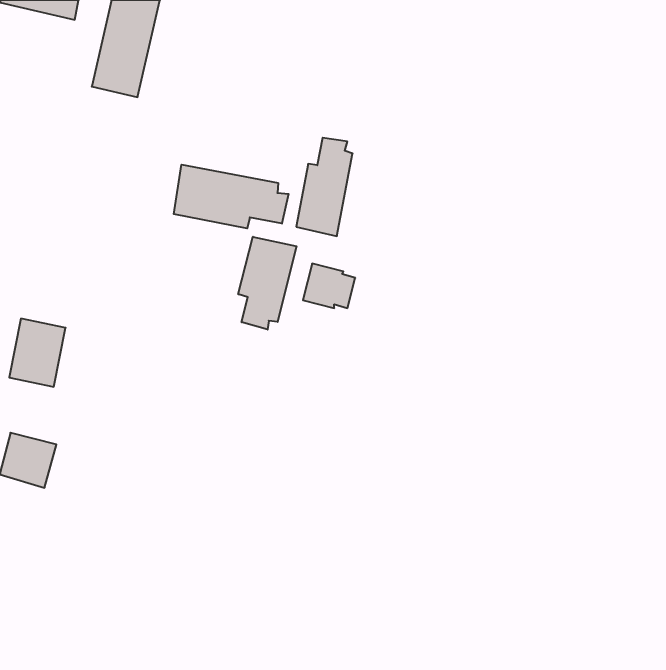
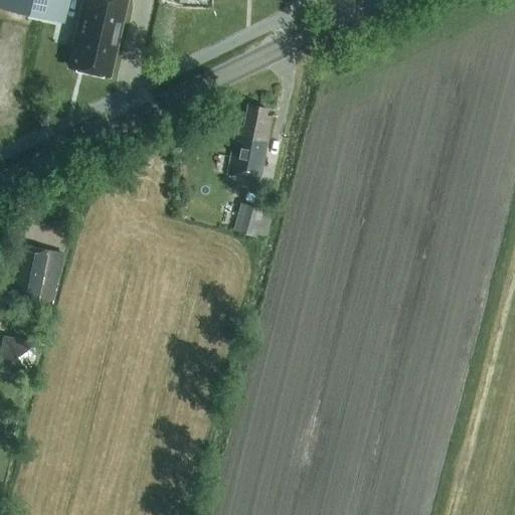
building: [174,165,289,228] -> none
building: [238,237,297,330] -> none

